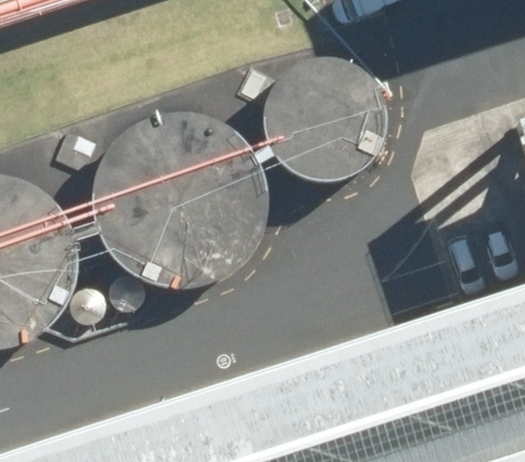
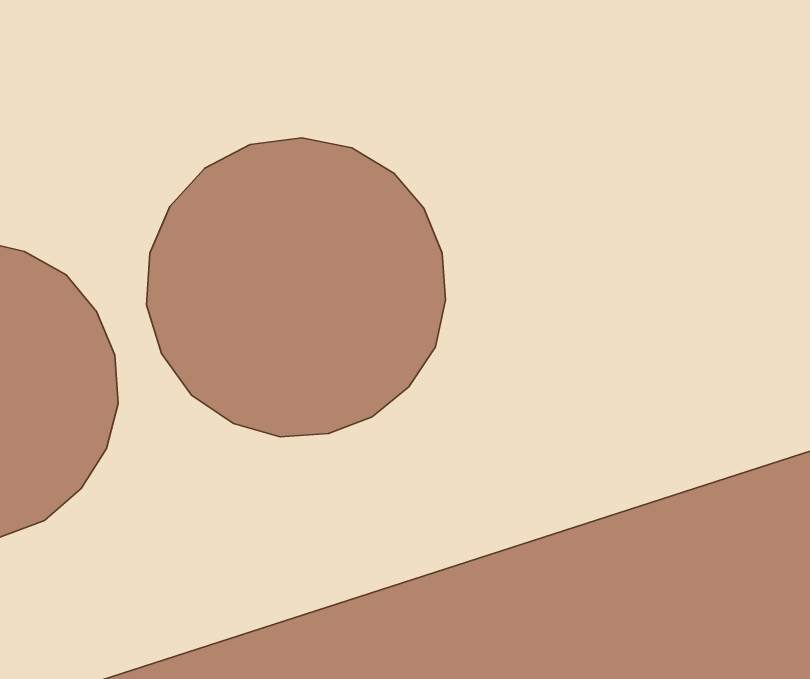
building: [277,53,401,178] -> none

